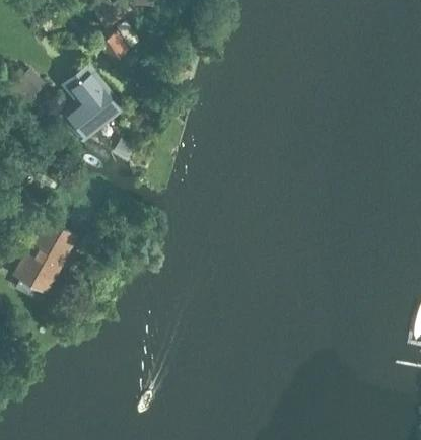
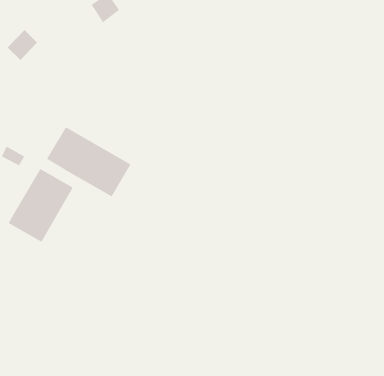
building: [67,75,113,134] -> none
building: none -> [46,126,131,197]

